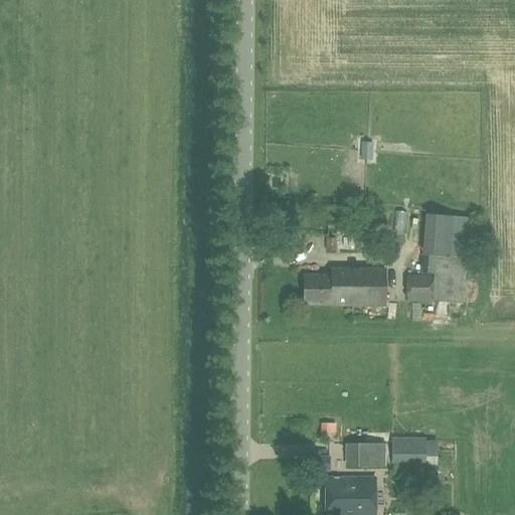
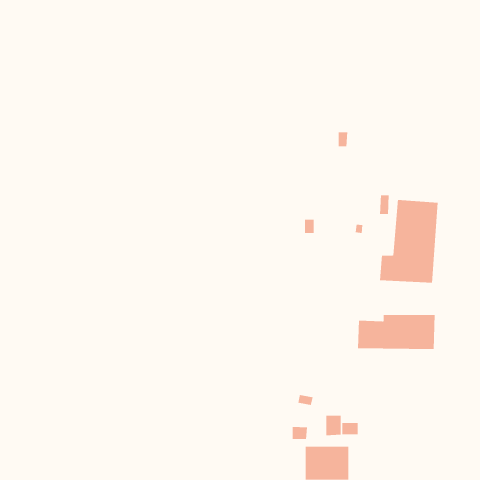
building: [303,268,386,305] -> [357,315,435,349]
building: [394,439,427,463] -> none

